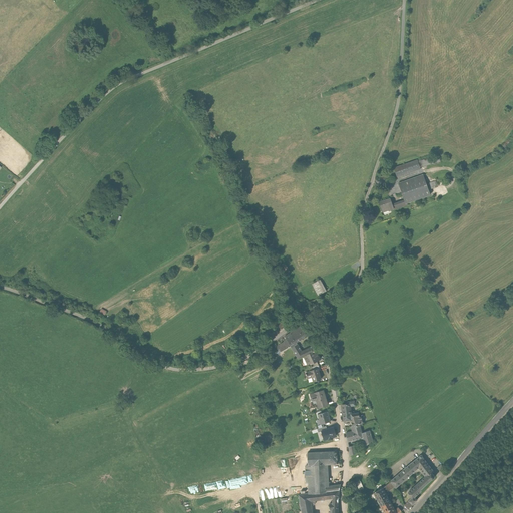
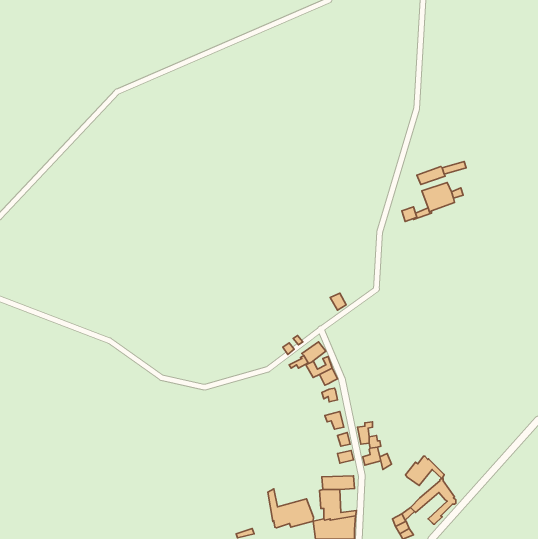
building: none -> [406,456,444,486]
building: none -> [268,489,313,528]

